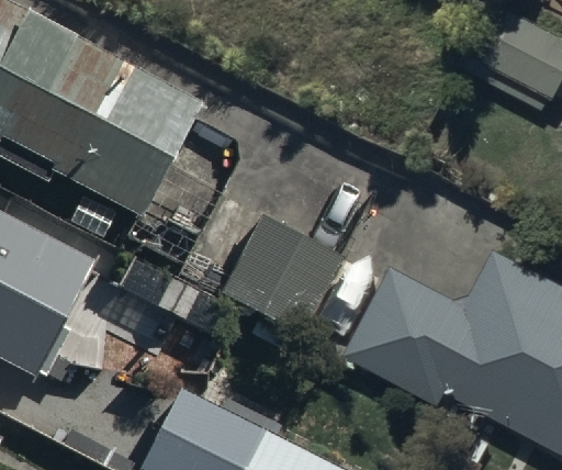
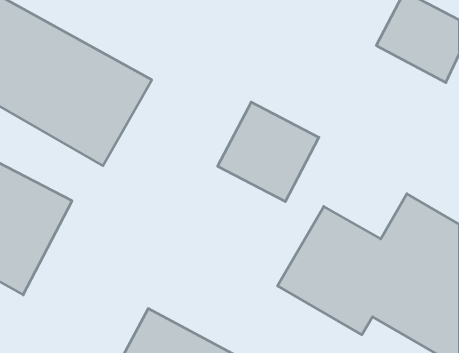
building: [222,217,345,338] -> [218,102,319,202]

